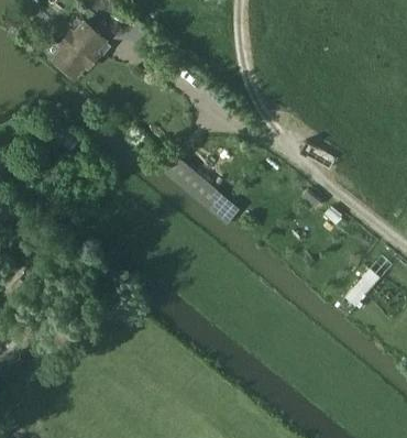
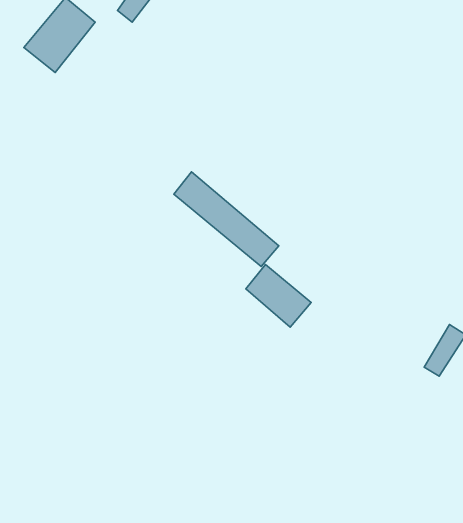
building: none -> [246,265,311,327]

